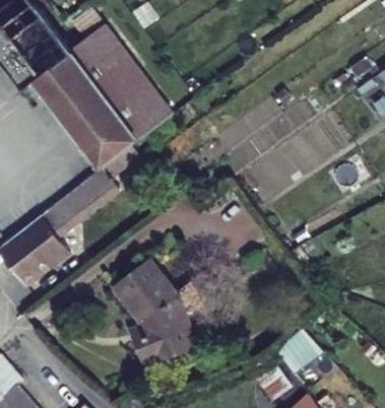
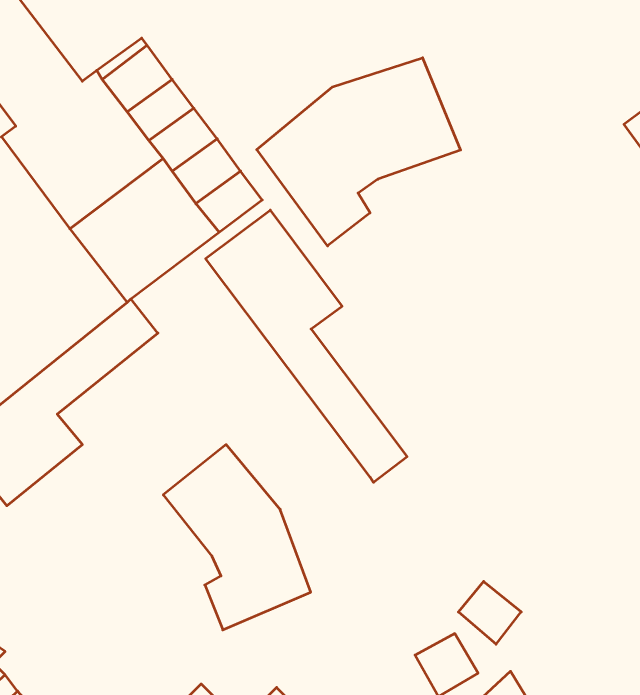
building: none -> [257,58,461,246]
building: none -> [206,210,407,482]

